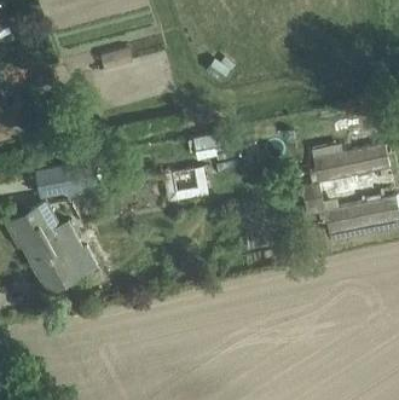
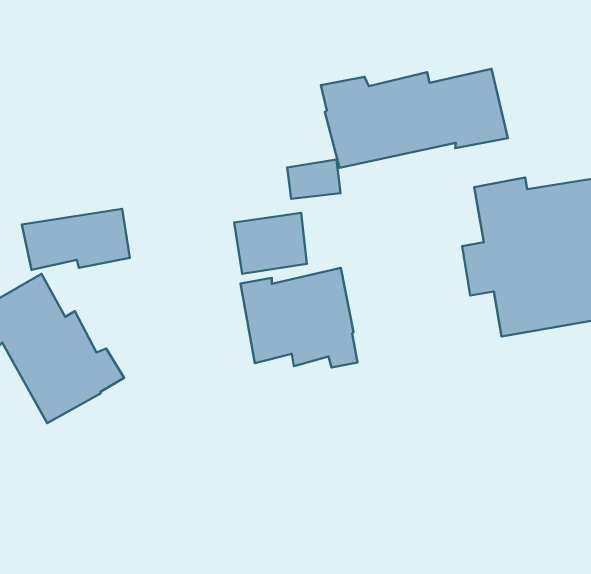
building: none -> [321,69,508,168]
building: none -> [240,268,357,368]

